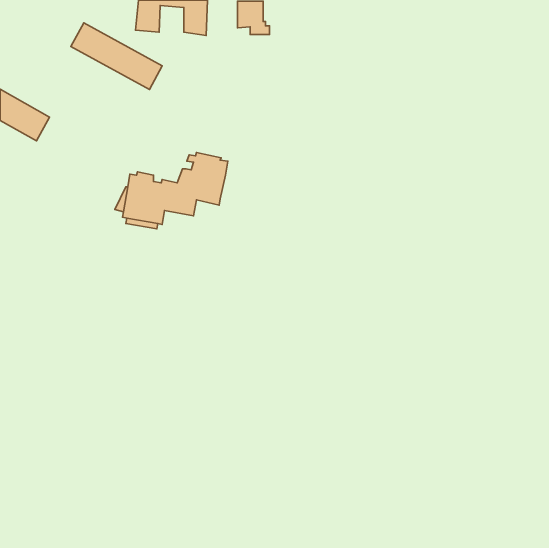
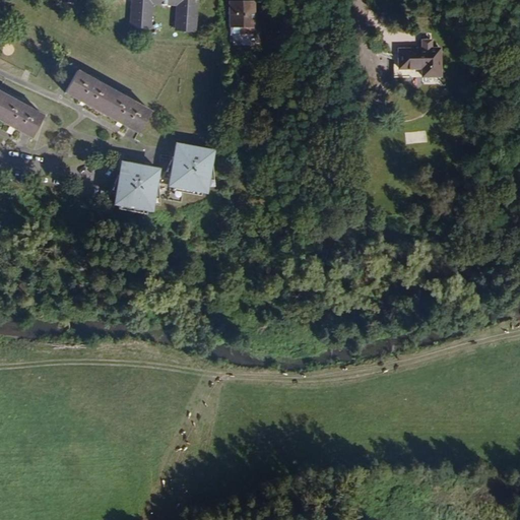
building: [71,23,162,89] -> [66,65,152,128]
building: none -> [394,50,436,78]

